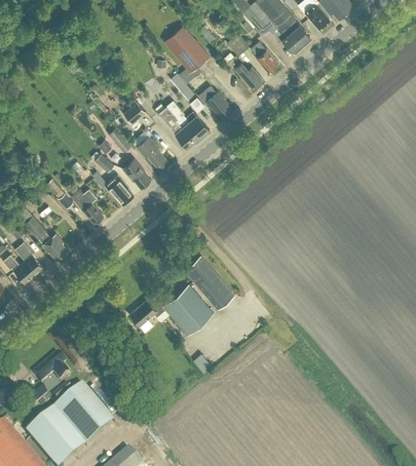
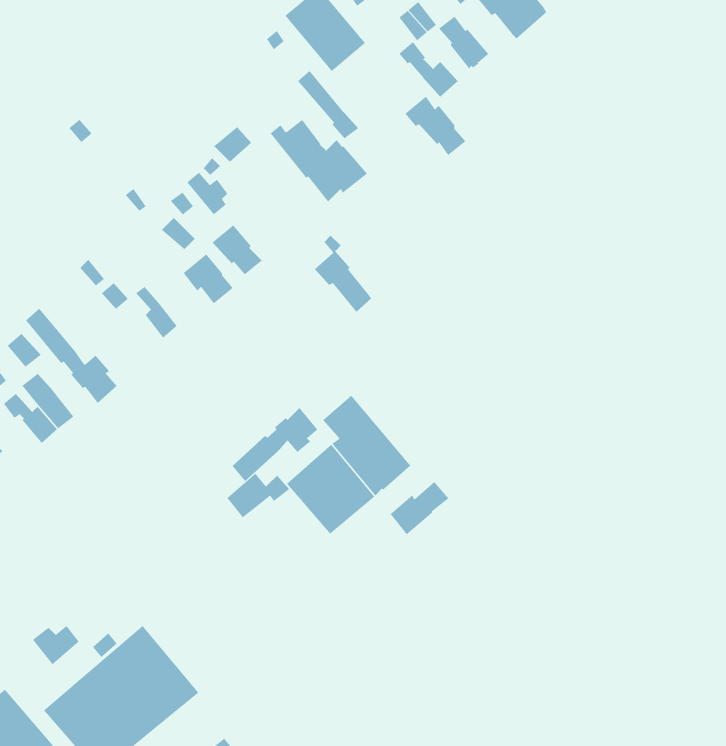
building: [198,85,233,119] -> [404,96,466,156]
building: [137,127,169,171] -> [314,235,372,313]
building: none -> [232,407,318,482]
building: none -> [390,481,449,535]
building: [35,355,70,384] -> none

